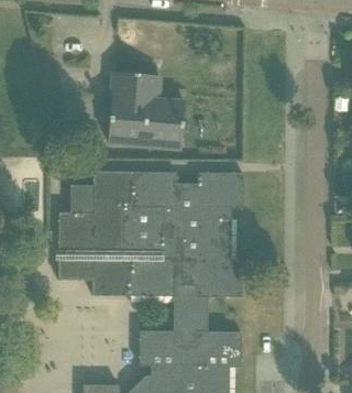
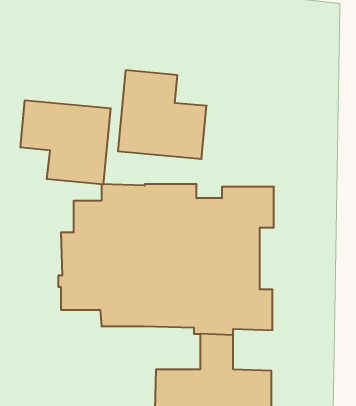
building: none -> [21,100,111,184]

